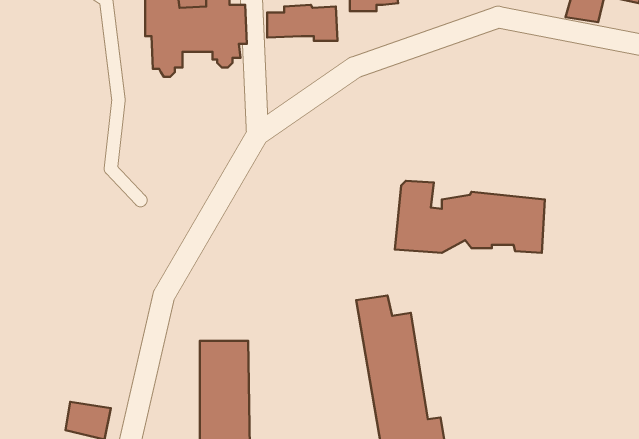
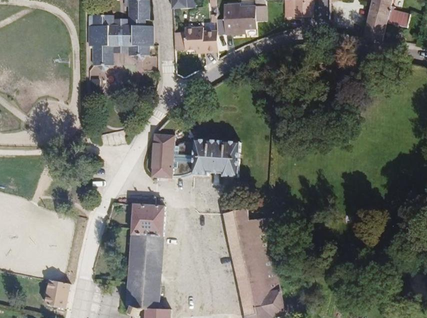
building: [395,181,545,253] -> [148,135,244,181]
building: none -> [128,207,159,242]

